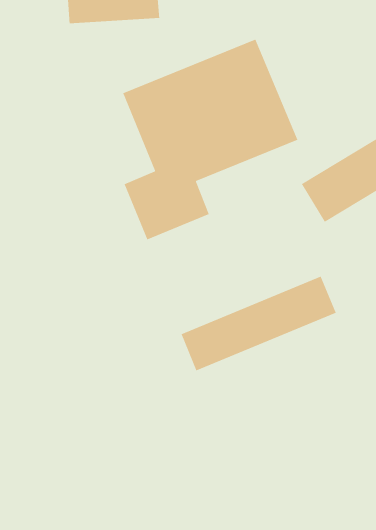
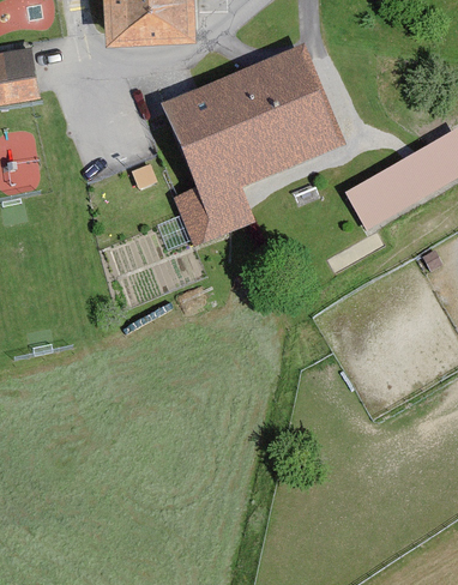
building: [180,276,337,371] -> none

